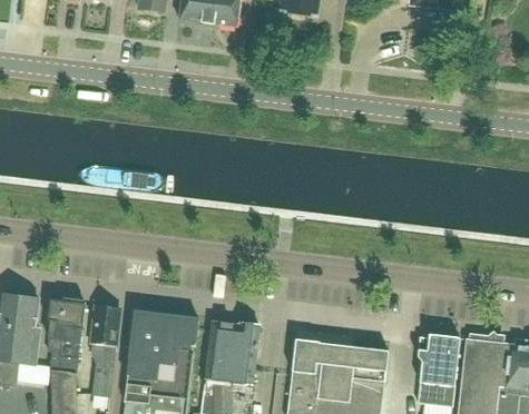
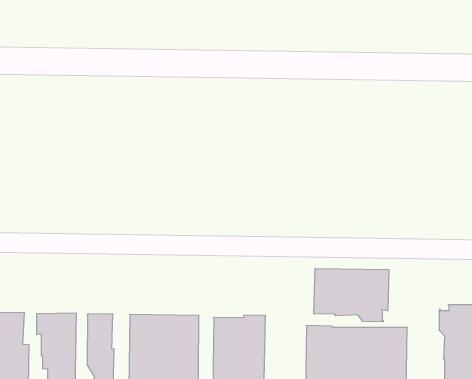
building: none -> [314,268,389,322]

